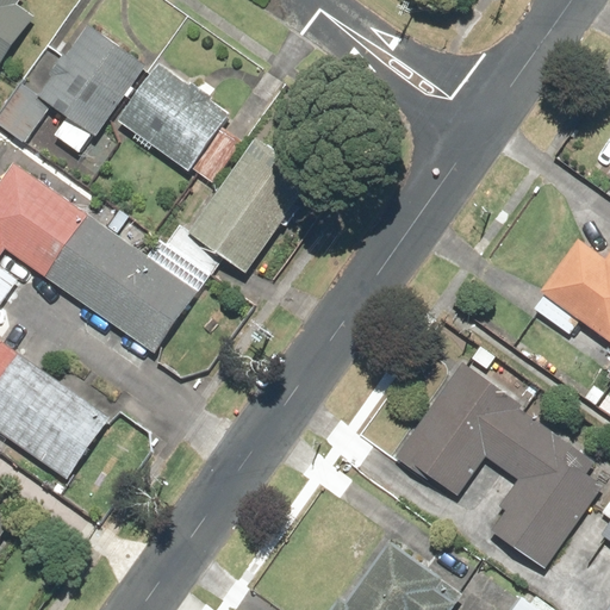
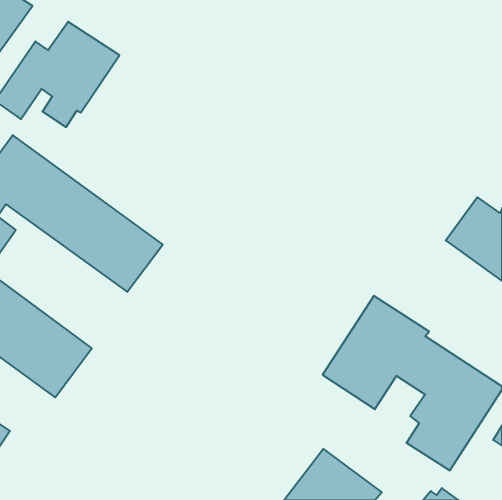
building: [119,66,238,181] -> none
building: [166,139,319,279] -> none

